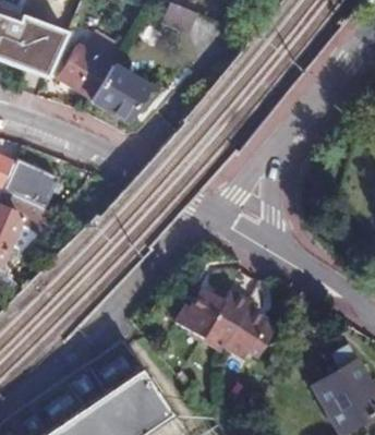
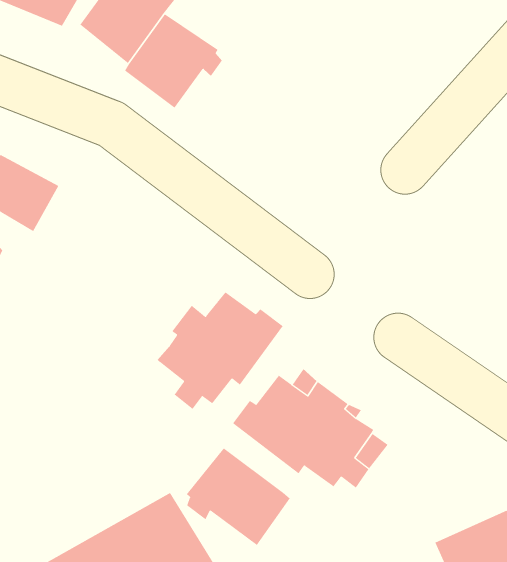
building: none -> [157,291,283,410]
building: none -> [186,447,290,546]

